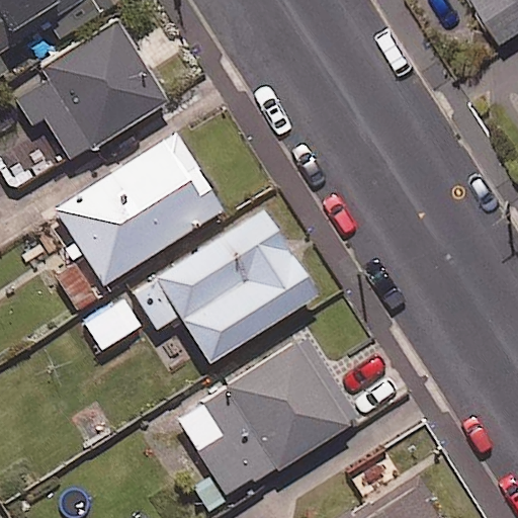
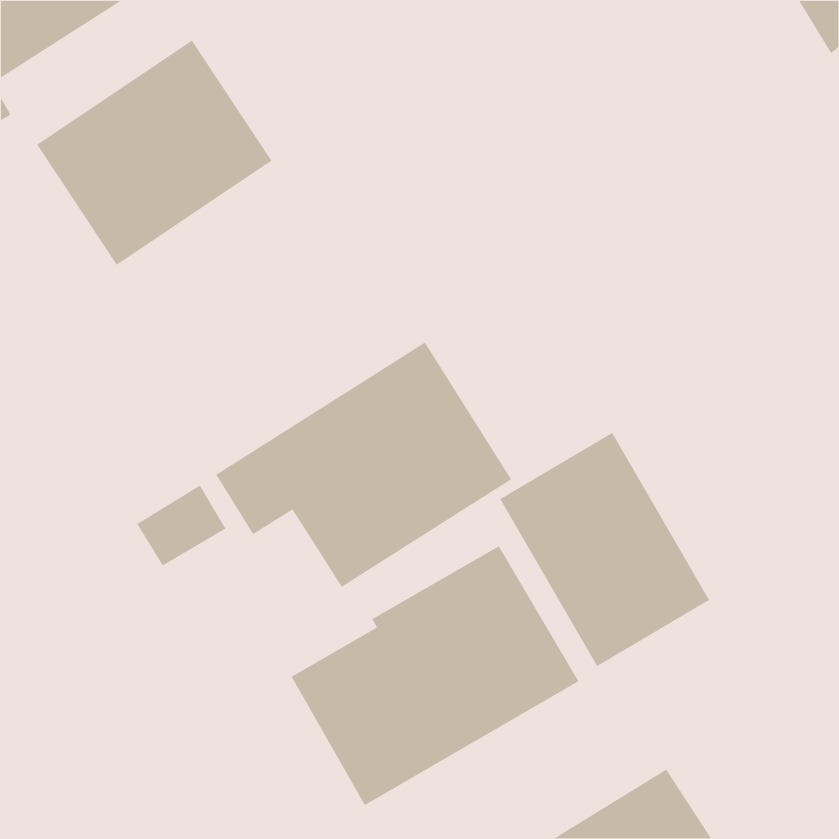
building: [55,134,223,284] -> none
building: none -> [499,432,710,667]

